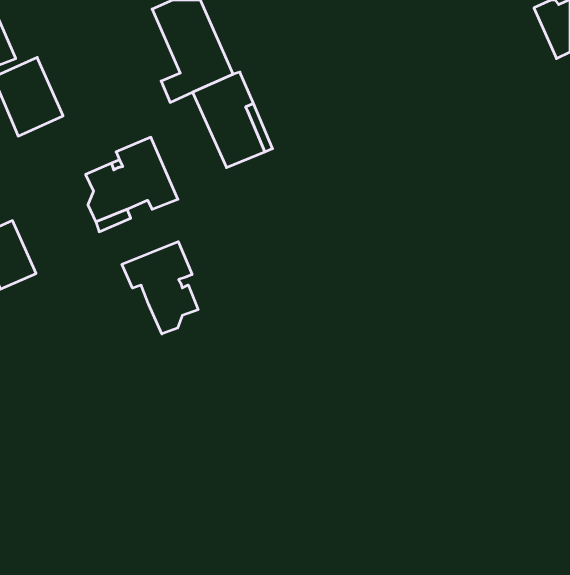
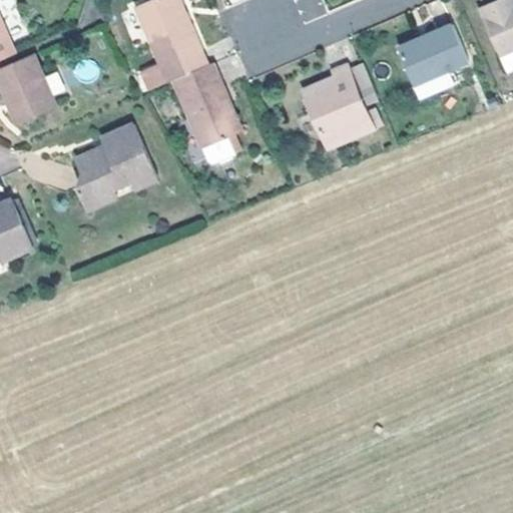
building: none -> [399,24,467,94]
building: none -> [302,63,376,146]
building: [122,242,198,334] -> none

